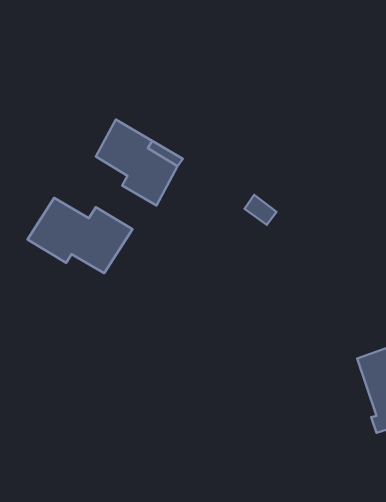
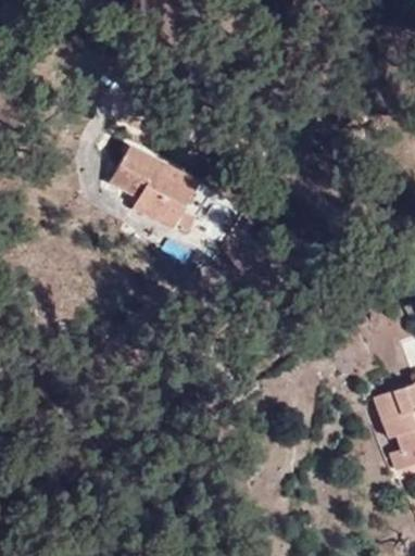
building: [27,198,133,273] -> none

